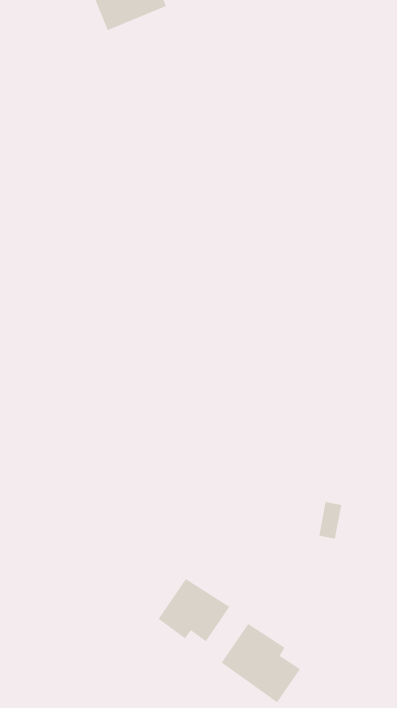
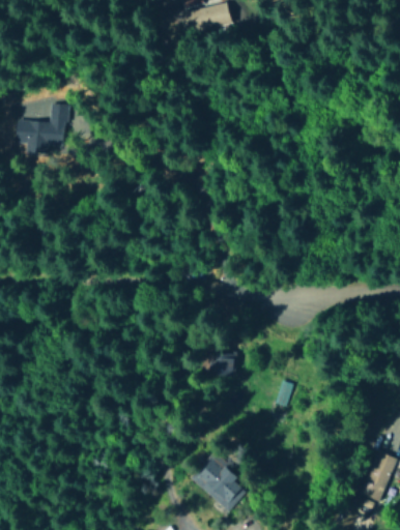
building: none -> [209,350,236,375]
building: [158,578,230,642] -> none

